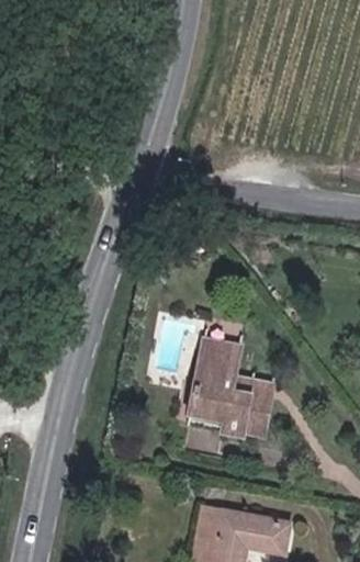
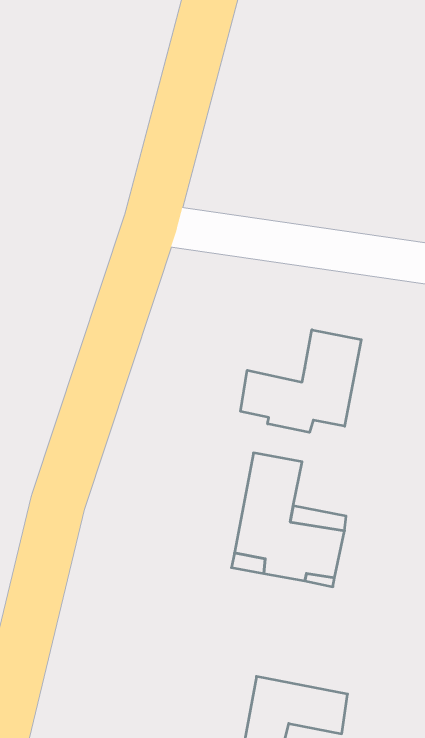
building: none -> [241,330,361,432]

